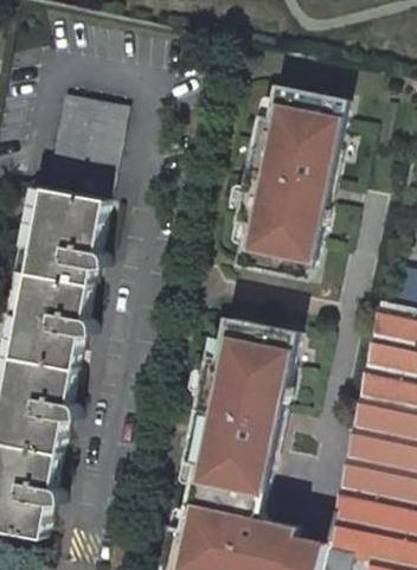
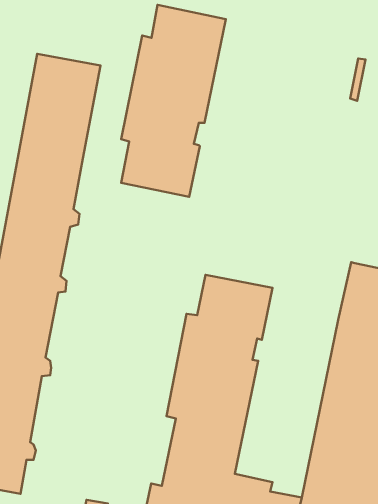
building: [240,85,346,278] -> [121,5,226,197]

